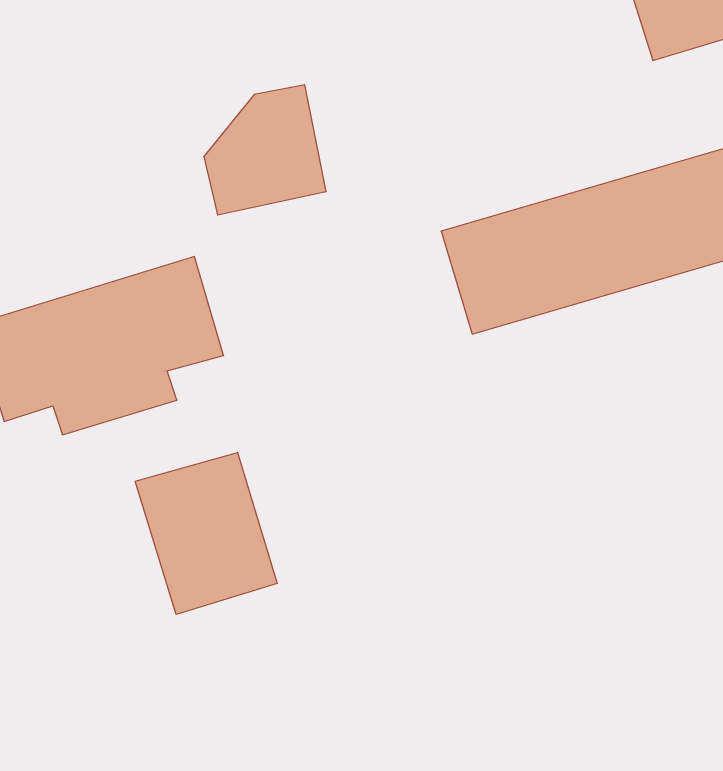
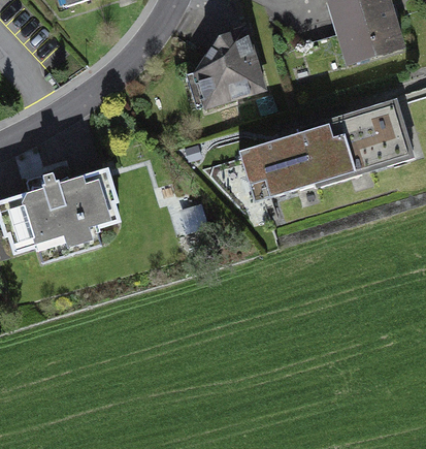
building: [204,85,326,215] -> [201,32,266,101]
building: [135,452,277,614] -> none

